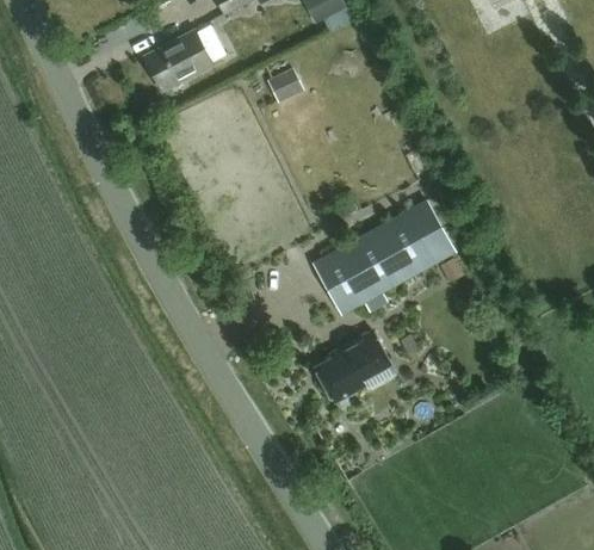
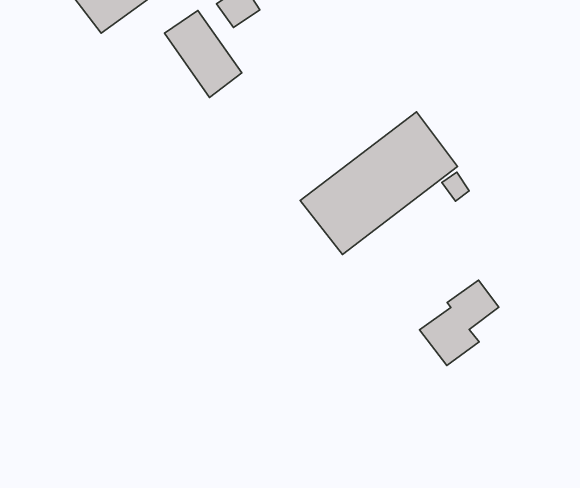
building: none -> [164,11,242,97]
building: [316,332,388,402] -> [420,280,499,366]

